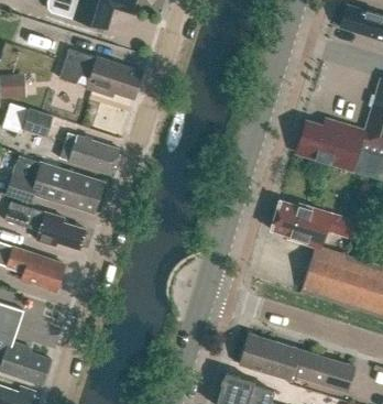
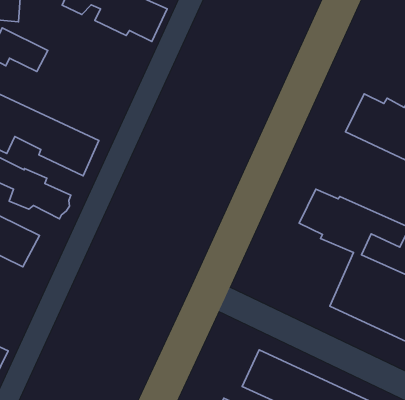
building: [67,132,120,175] -> none

